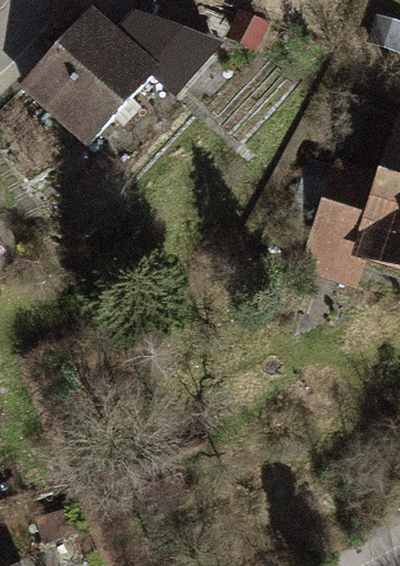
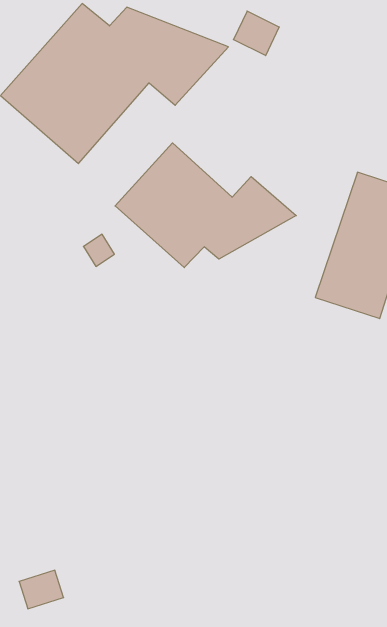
building: none -> [115,143,296,268]

